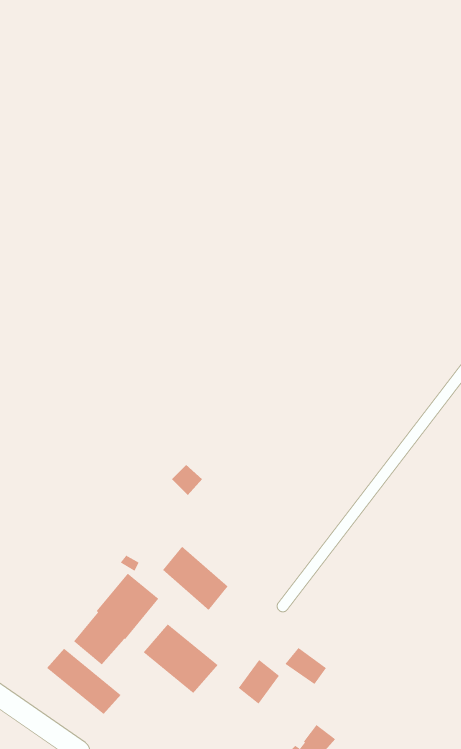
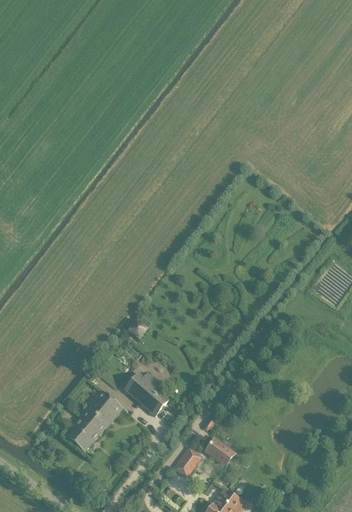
building: [143,623,218,694] -> none
building: [46,648,122,715] -> none

